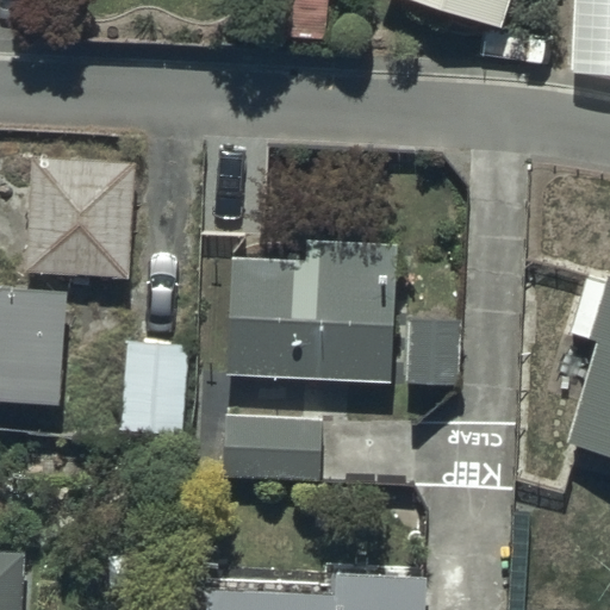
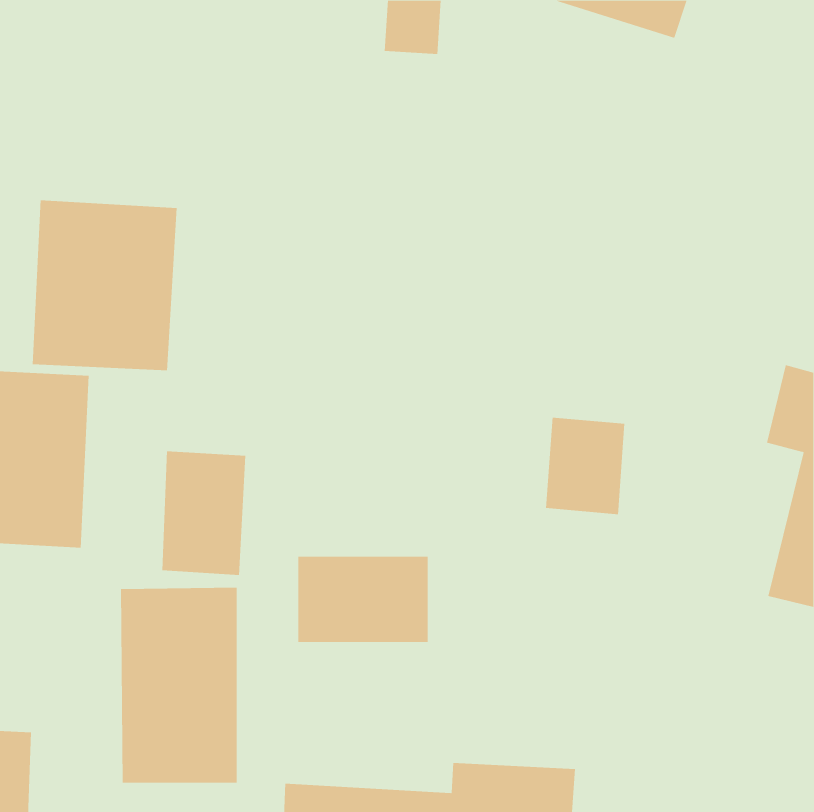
building: [231,230,396,378] -> none
building: none -> [121,587,237,784]

